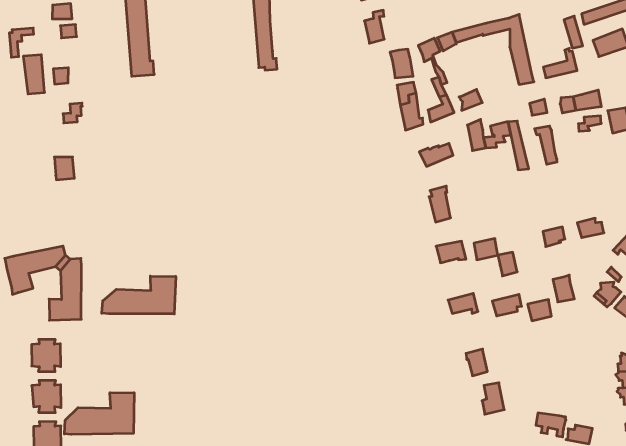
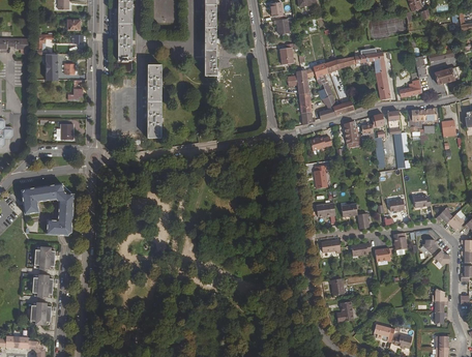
building: none -> [147,64,161,138]
building: [102,276,176,314] -> none
building: [64,393,134,434] -> none

